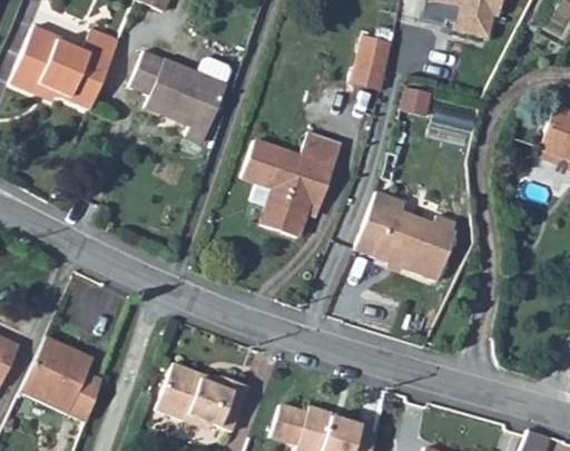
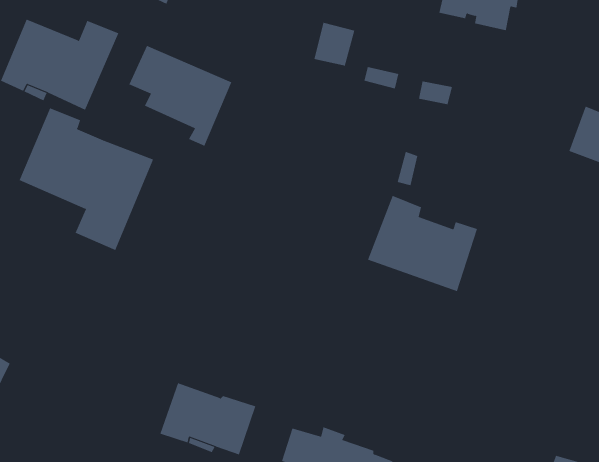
building: [352,35,391,76] -> [313,22,355,66]
building: none -> [19,107,154,251]
building: [240,131,342,239] -> none
building: [21,337,104,423] -> none

